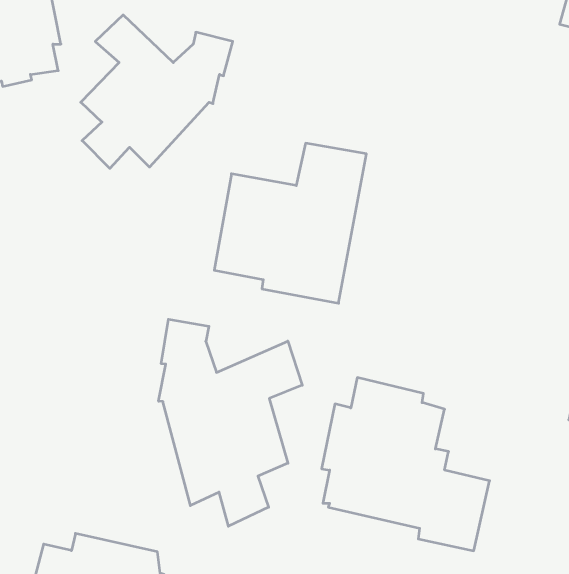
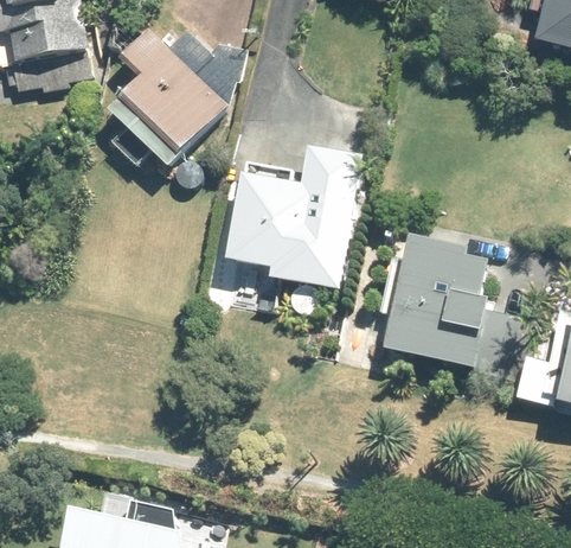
building: [159,319,302,526] -> none
building: [322,378,490,551] -> [379,230,530,385]

